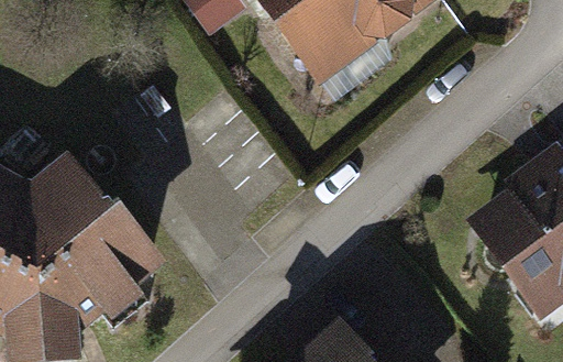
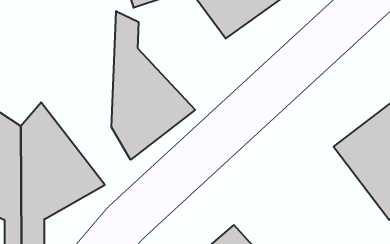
building: none -> [112,11,195,160]

